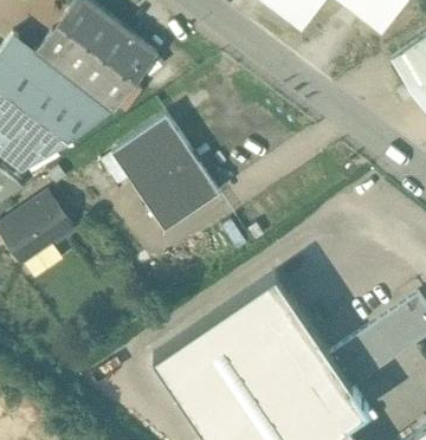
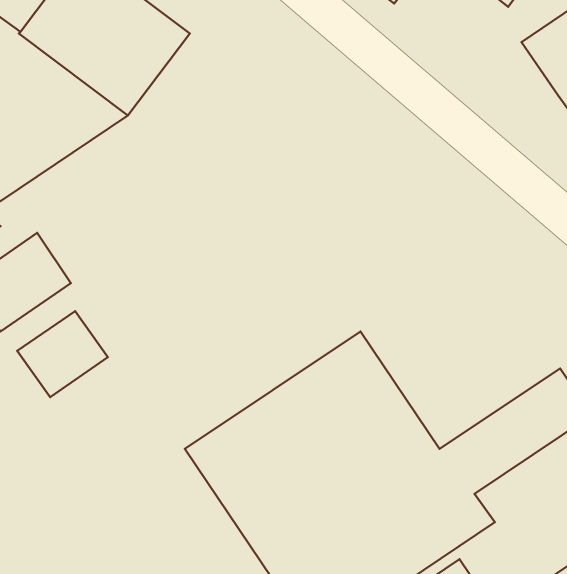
building: [111,116,219,231] -> none
building: none -> [17,311,108,397]

